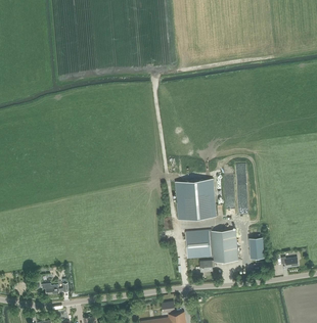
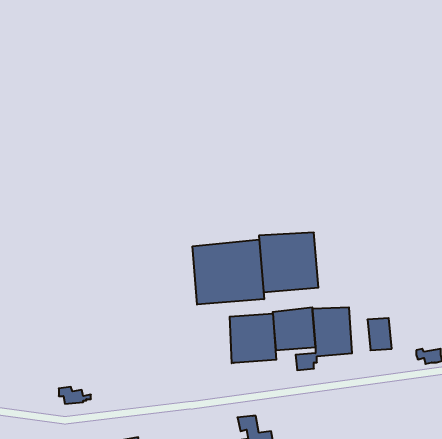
building: none -> [193,239,264,305]
building: none -> [230,313,276,363]

